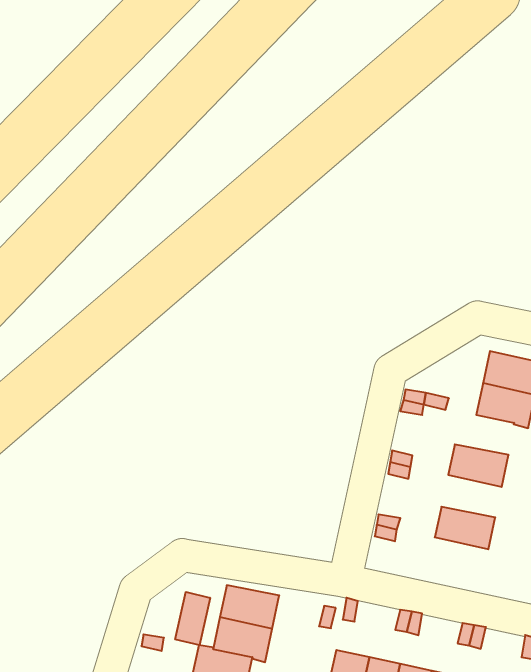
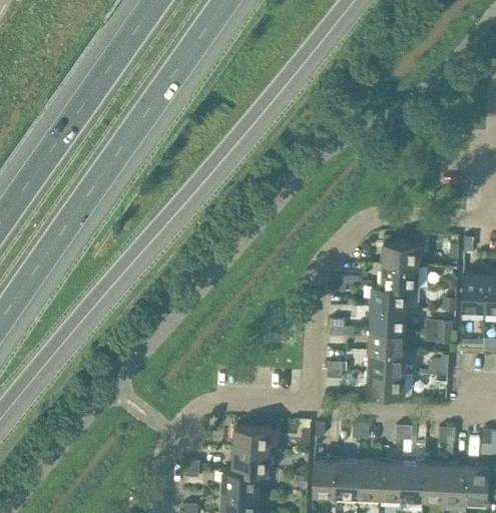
building: none -> [371,287,408,311]
building: none -> [369,331,407,354]
building: none -> [367,374,405,399]
building: [175,592,210,645] -> none

